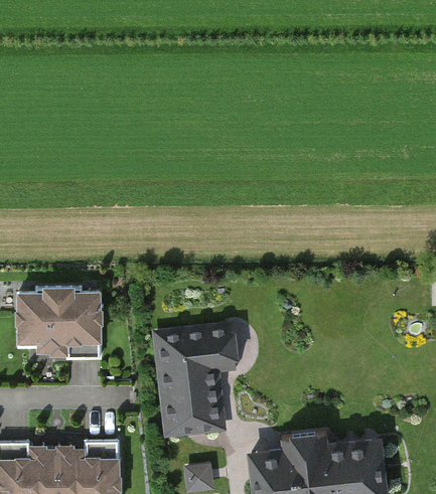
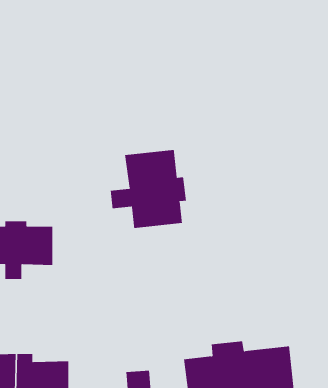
building: none -> [110,149,186,229]
building: [157,324,238,433] -> none

